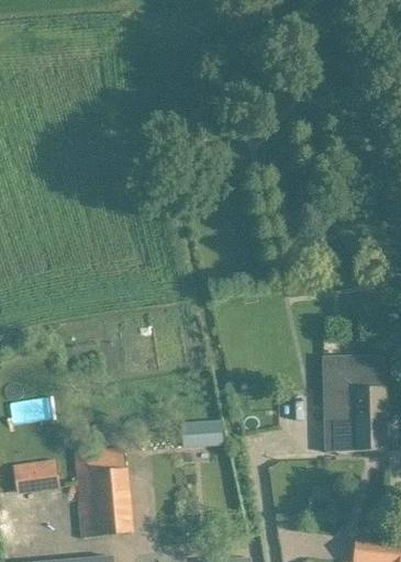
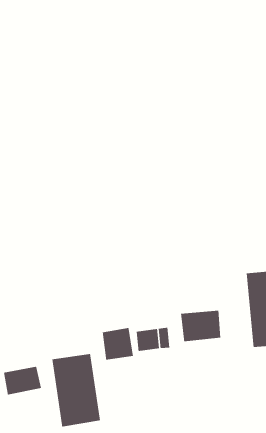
building: none -> [181,310,221,342]
building: none -> [102,327,134,360]

